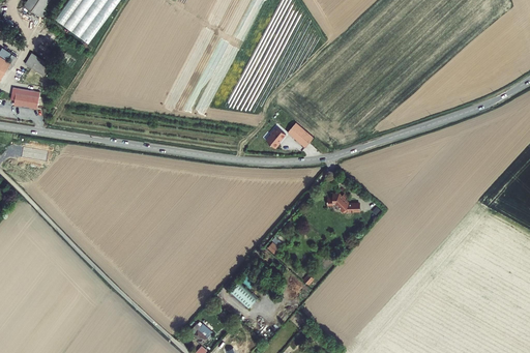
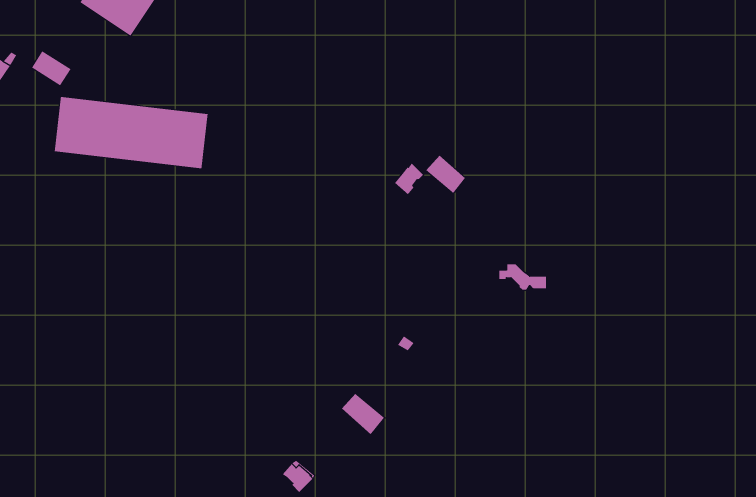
building: none -> [54,96,208,169]
building: [10,88,40,109] -> none

